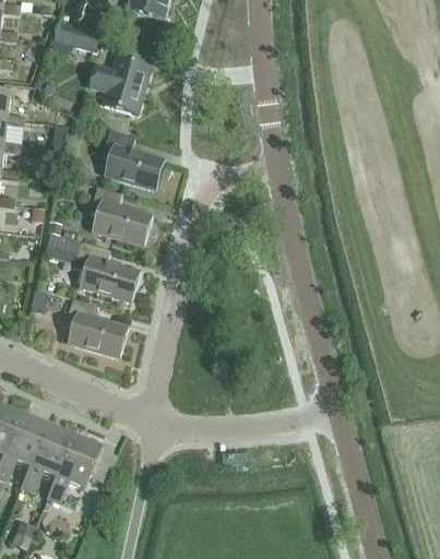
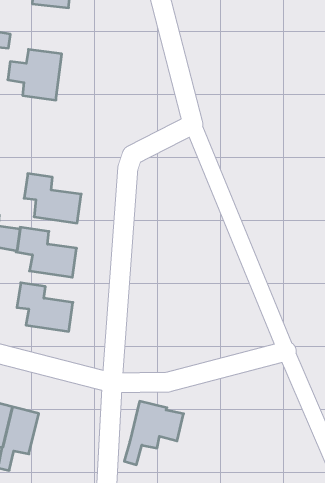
building: [103,129,162,188] -> none
building: [47,436,116,501] -> [124,401,184,465]

